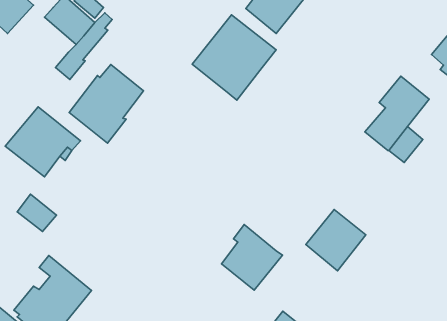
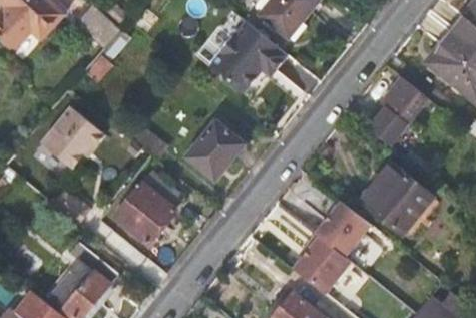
building: [69,65,144,143] -> [114,174,182,246]
building: none -> [187,121,243,180]
building: none -> [359,162,433,235]
building: [221,225,283,290] -> [293,233,349,293]

